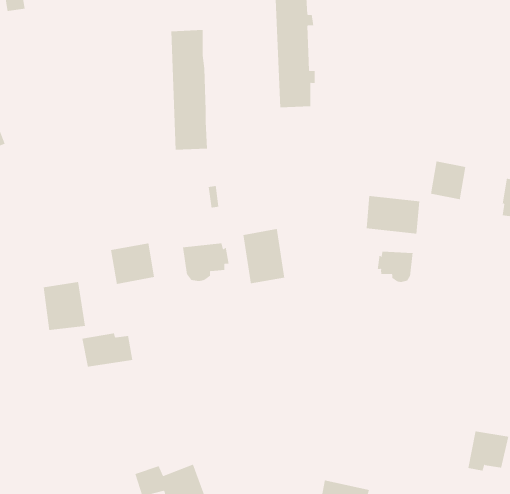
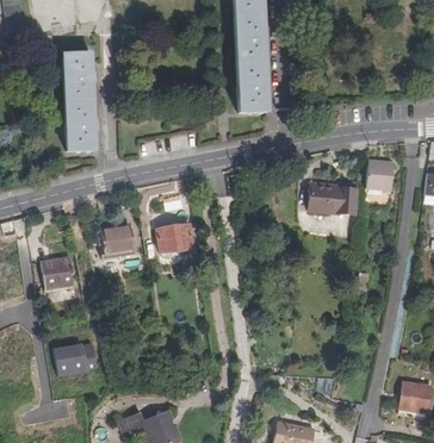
building: [171,30,208,150] -> [66,48,97,148]
building: [243,228,285,284] -> none
building: [377,251,413,283] -> none
building: [82,333,133,367] -> [57,344,100,373]

